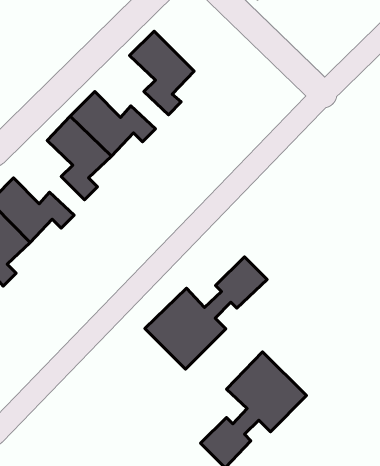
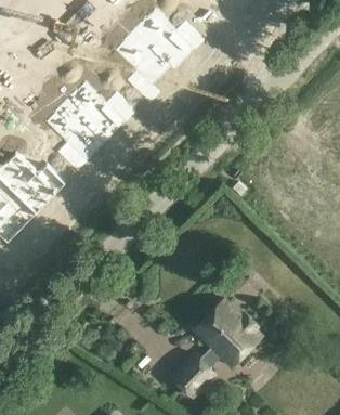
building: none -> [134,8,205,62]
building: [145,257,267,369] -> none

